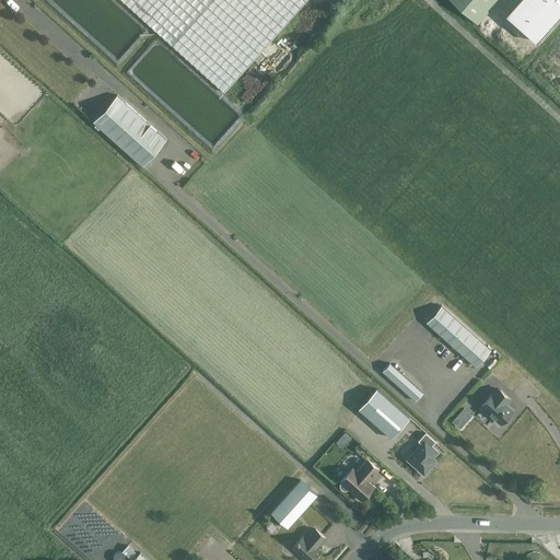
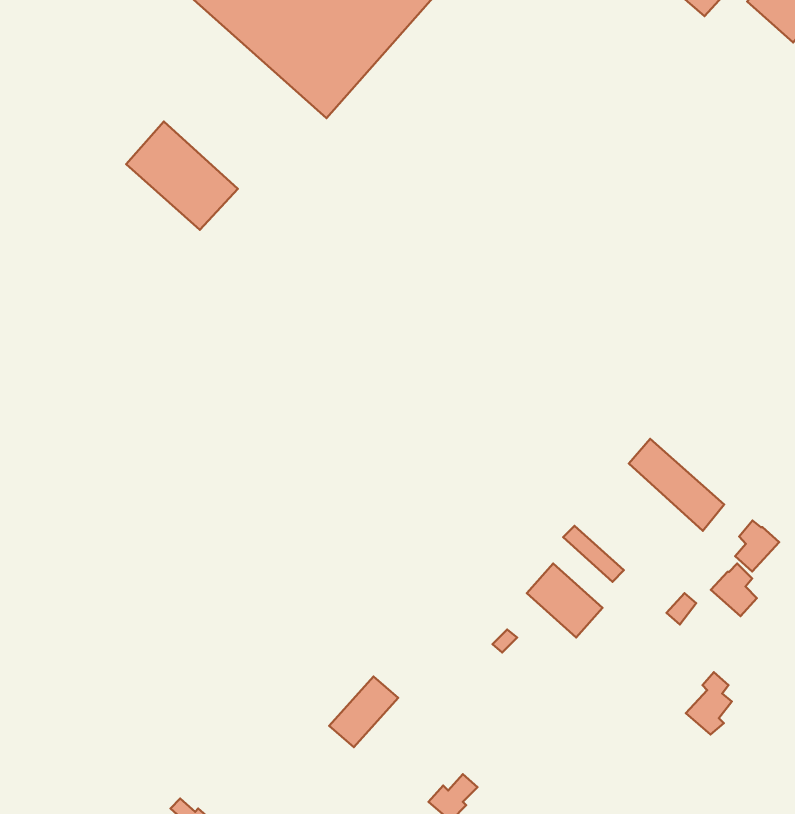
building: none -> [735,520,779,572]
building: [407,433,438,475] -> [686,672,732,735]
building: [340,459,382,501] -> none
building: [271,480,317,527] -> [329,677,398,747]

